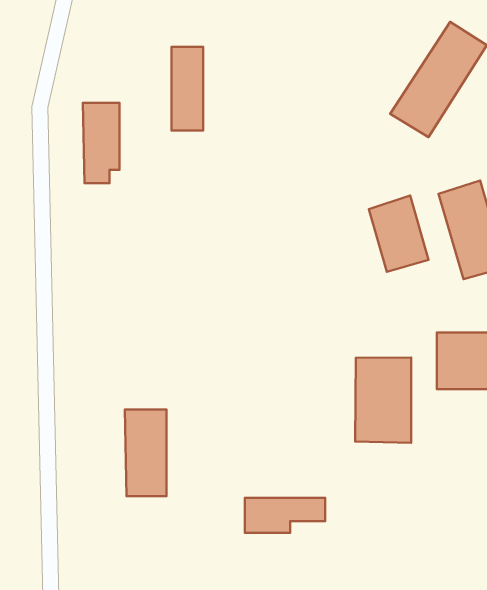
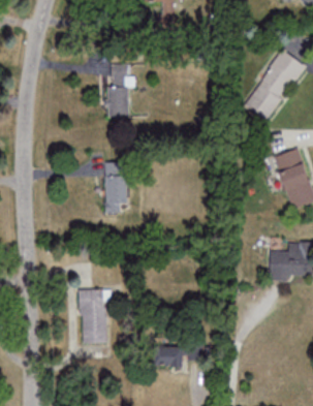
building: [83,103,120,183] -> [104,163,127,213]
building: [369,195,429,272] -> none
building: [355,358,411,443] -> none

